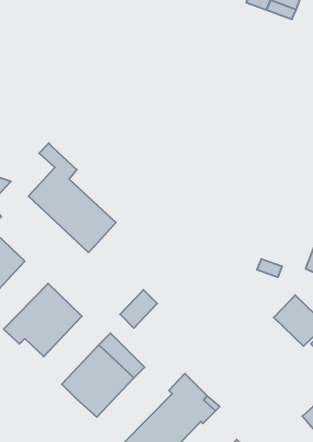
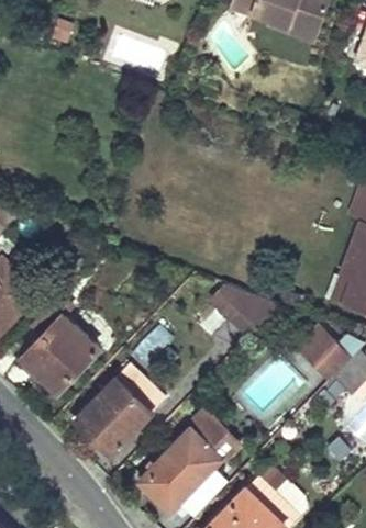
building: [28,143,116,252] -> none
building: none -> [208,283,277,336]

